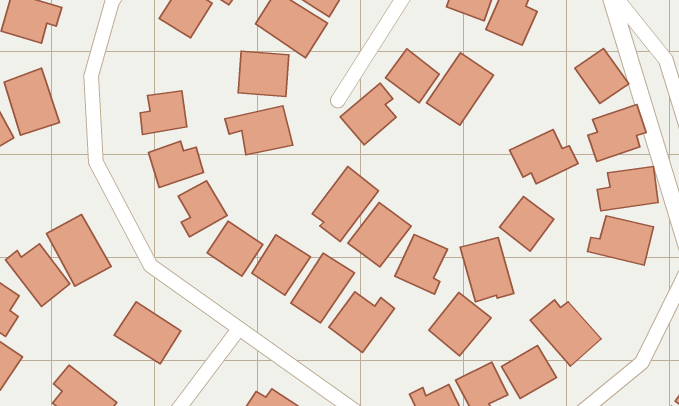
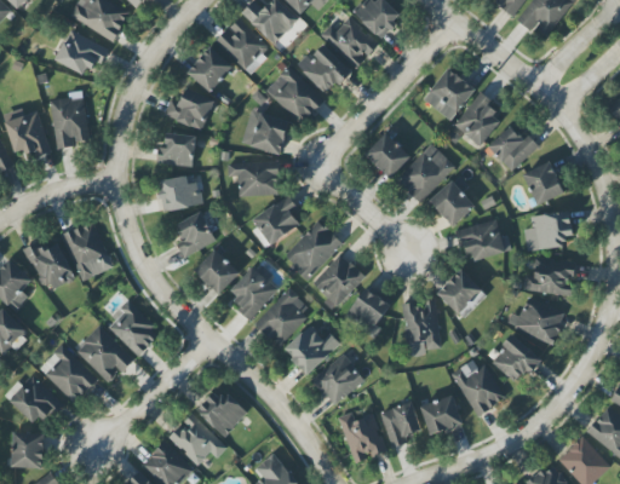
building: none -> [488,126,539,171]
building: none -> [162,88,214,131]
building: [340,83,396,145] -> [253,195,299,243]
building: none -> [429,175,475,226]
building: none -> [490,335,541,382]
building: [429,293,491,356] -> [311,353,364,405]
building: none -> [75,325,133,381]

